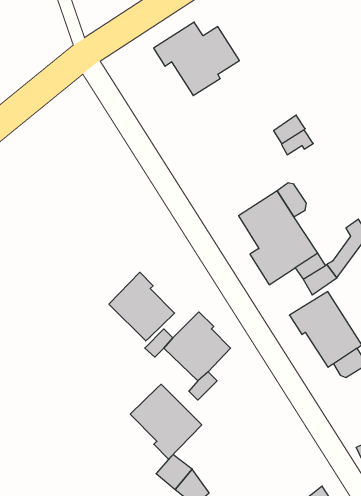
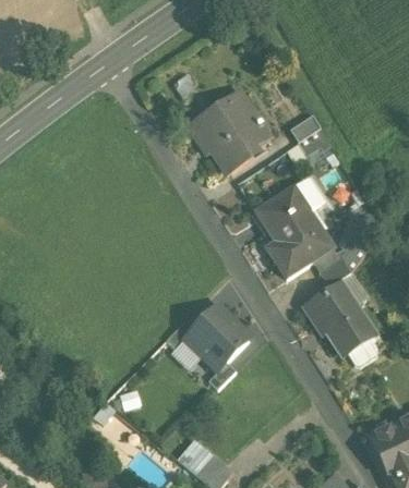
building: [154,22,239,96] -> [188,101,270,172]
building: [109,272,175,341] -> none
building: [130,384,202,459] -> none

